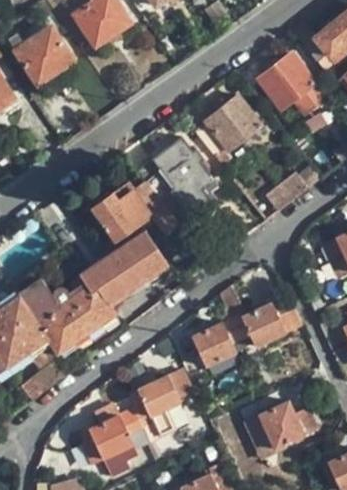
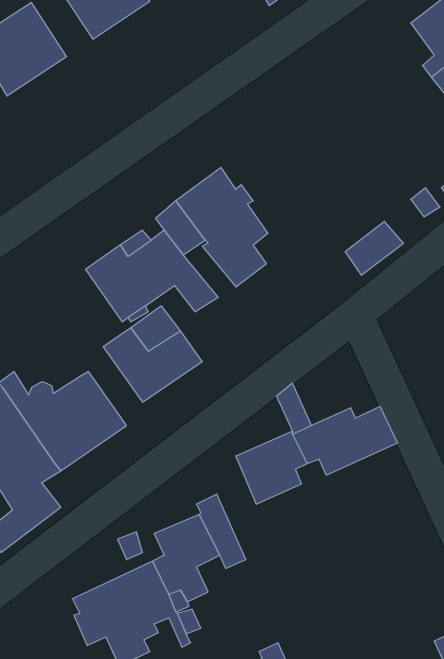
building: [255,52,327,116] -> none
building: [194,94,263,167] -> none
building: [82,260,128,308] -> none
building: [258,400,320,449] -> none

